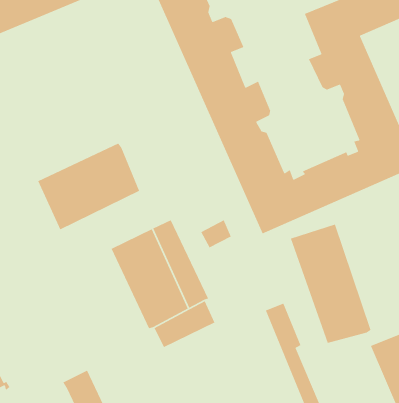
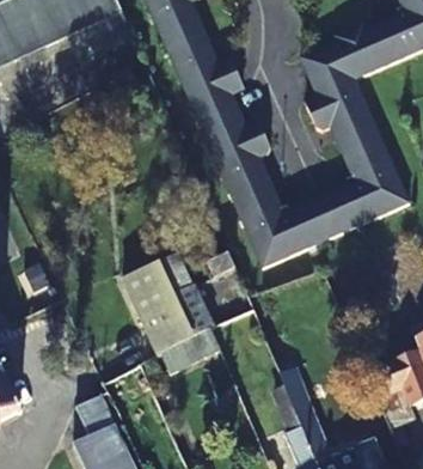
building: [37,143,140,230] -> none
building: [290,224,372,344] -> none

